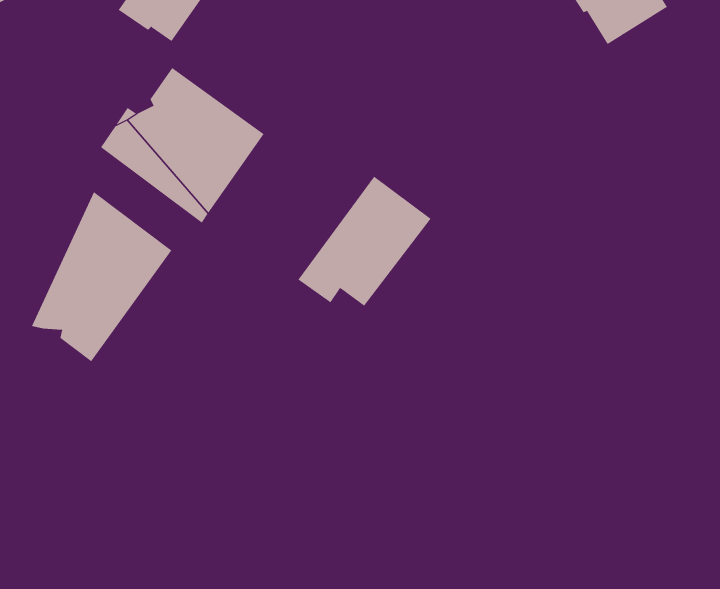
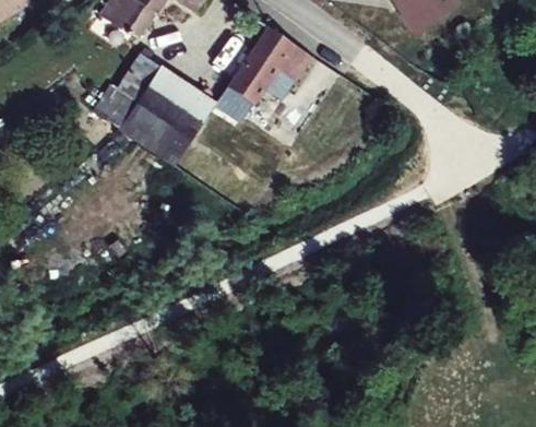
building: [297,176,431,307] -> [206,24,298,114]
building: [31,191,172,362] -> none

